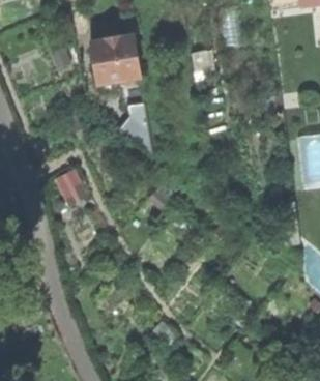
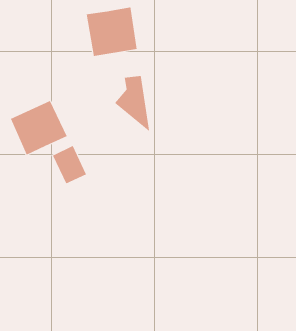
building: none -> [10,100,67,155]

